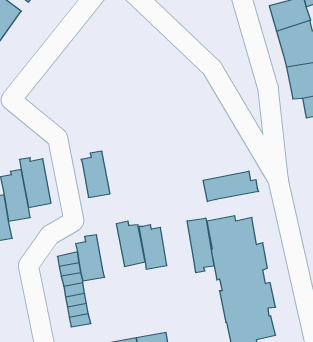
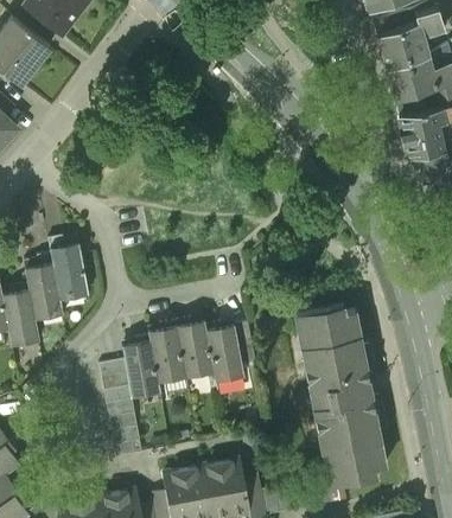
building: [81,151,110,197] -> [148,322,186,383]
building: [203,171,258,202] -> none
building: [187,218,214,273] -> none

